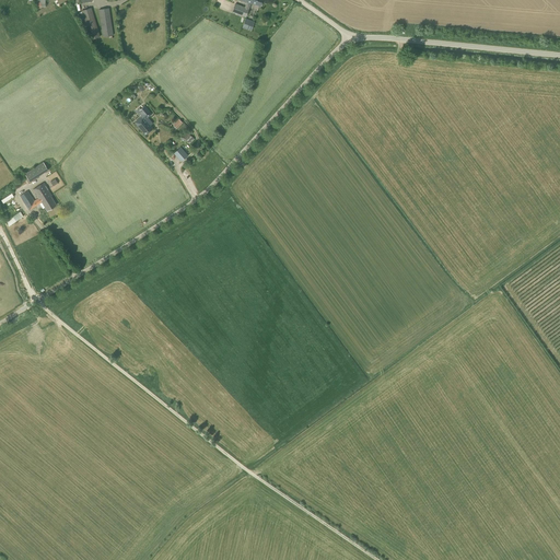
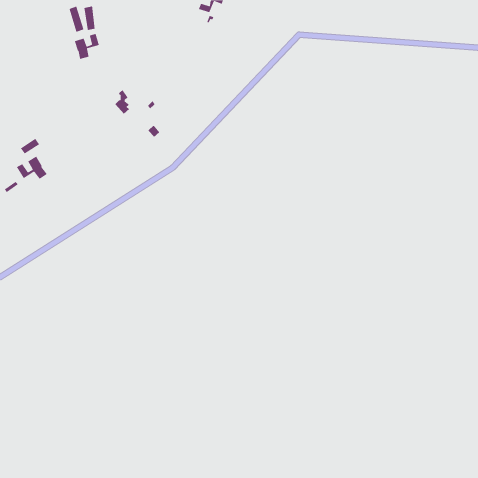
building: none -> [74,33,100,60]

